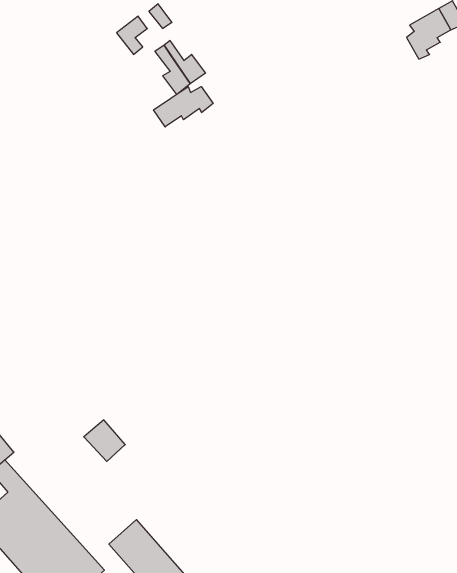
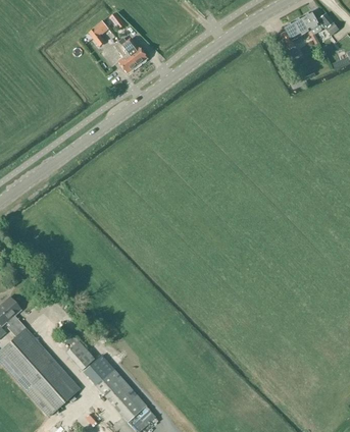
building: [154,87,213,127] -> none
building: [84,420,125,461] -> [67,341,95,369]

